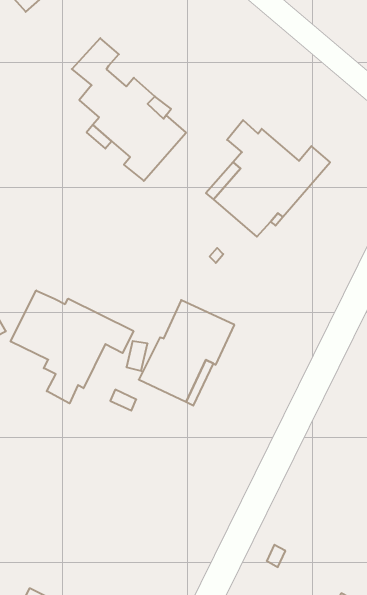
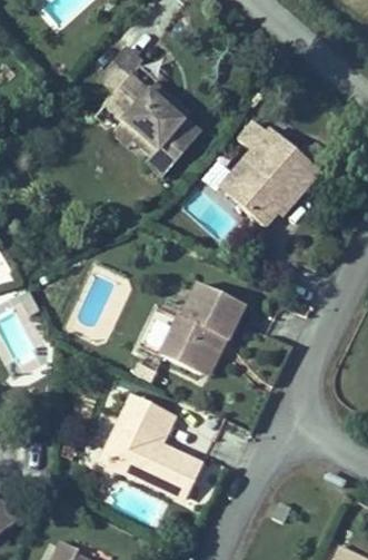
building: [11,290,133,403] -> none
building: none -> [103,396,200,497]

